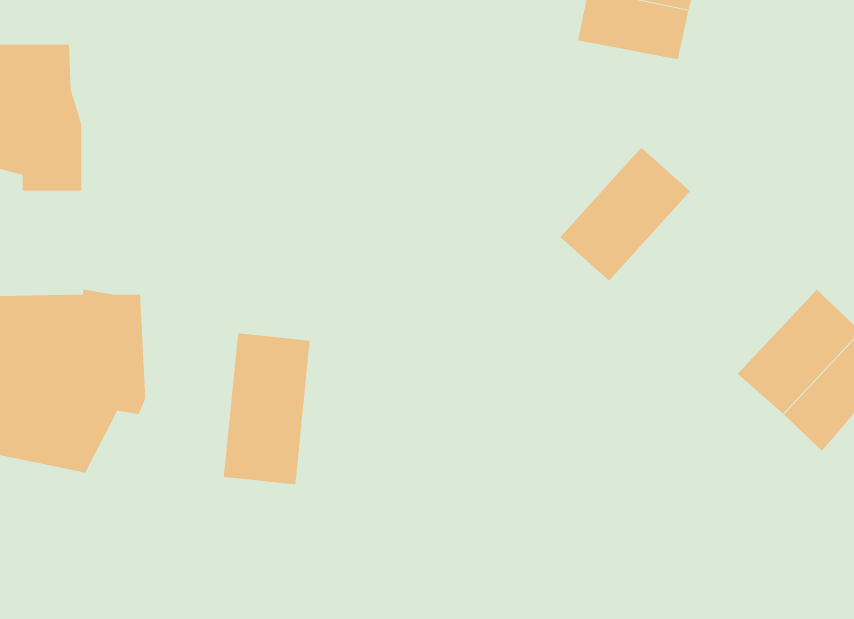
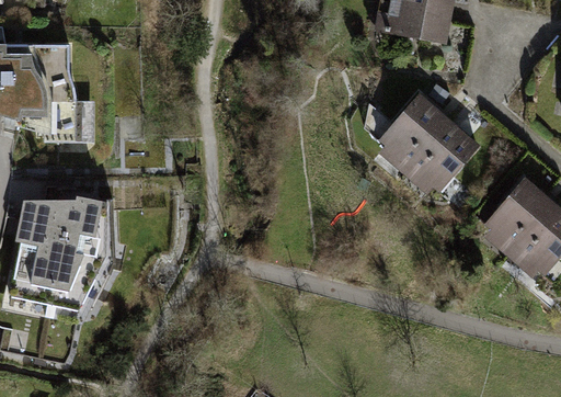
building: none -> [400,122,476,200]
building: [223,332,310,485] -> none

